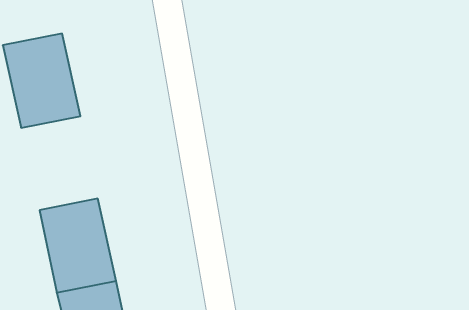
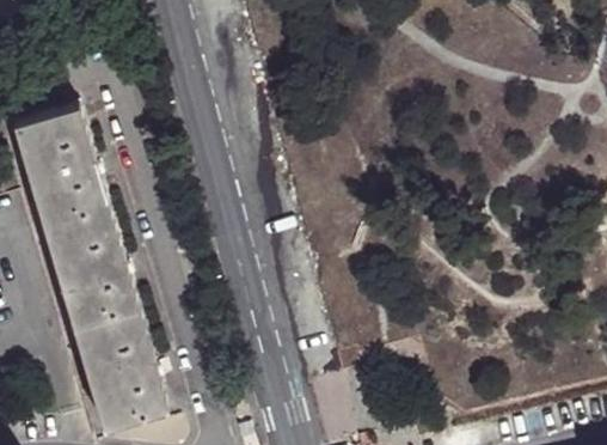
building: none -> [42,205,133,312]

